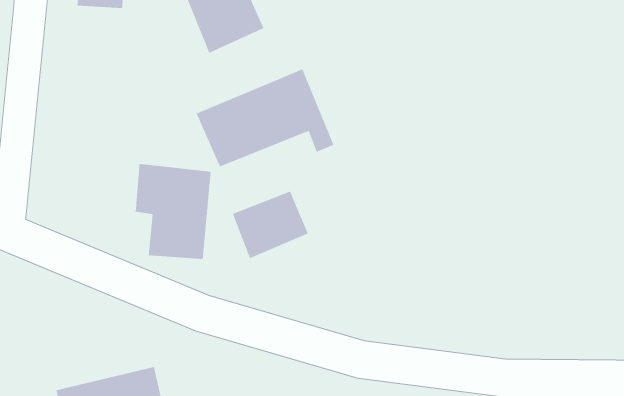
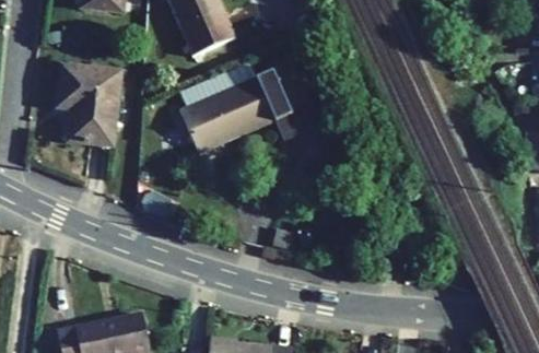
building: [135,163,212,260] -> [54,75,117,155]
building: [232,191,309,259] -> none

